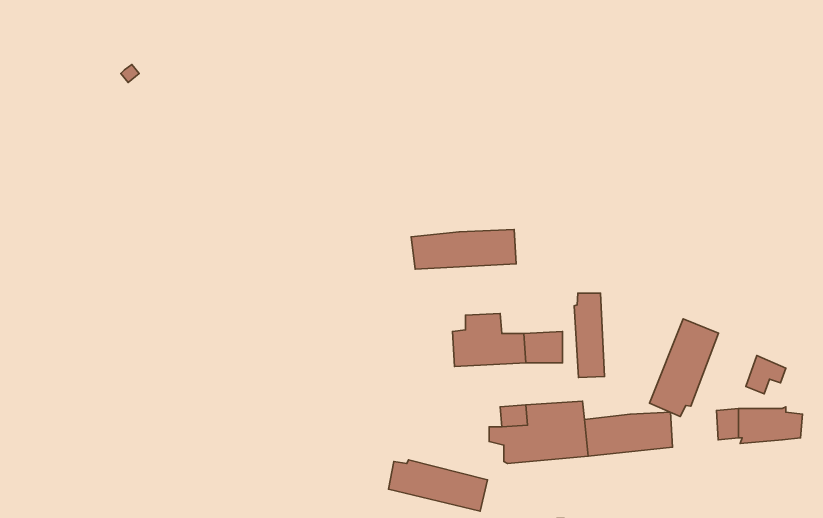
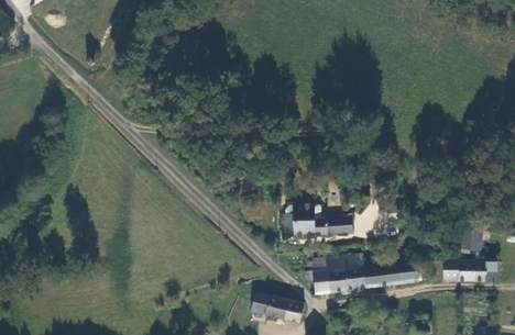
building: [411,230,516,269] -> none
building: [574,293,605,377] -> none
building: [649,319,718,416] -> none

